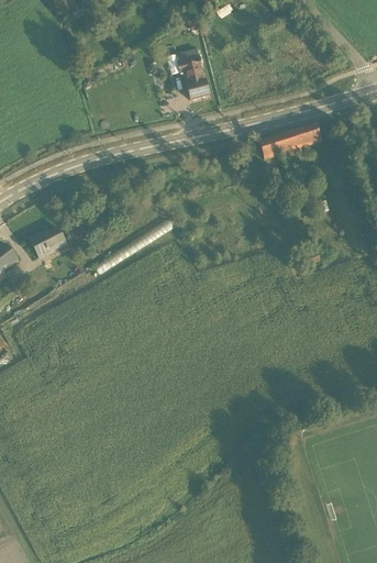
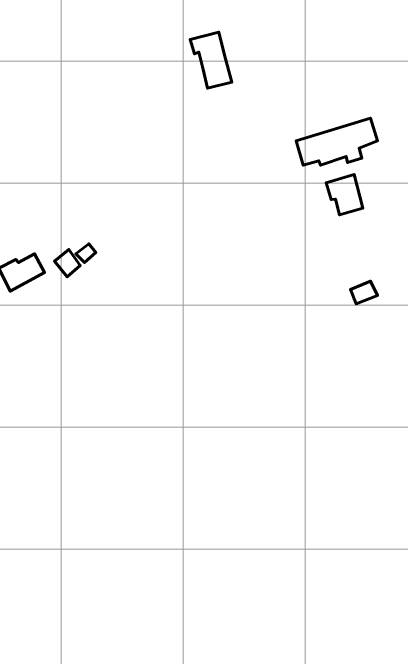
building: none -> [326,174,363,215]

